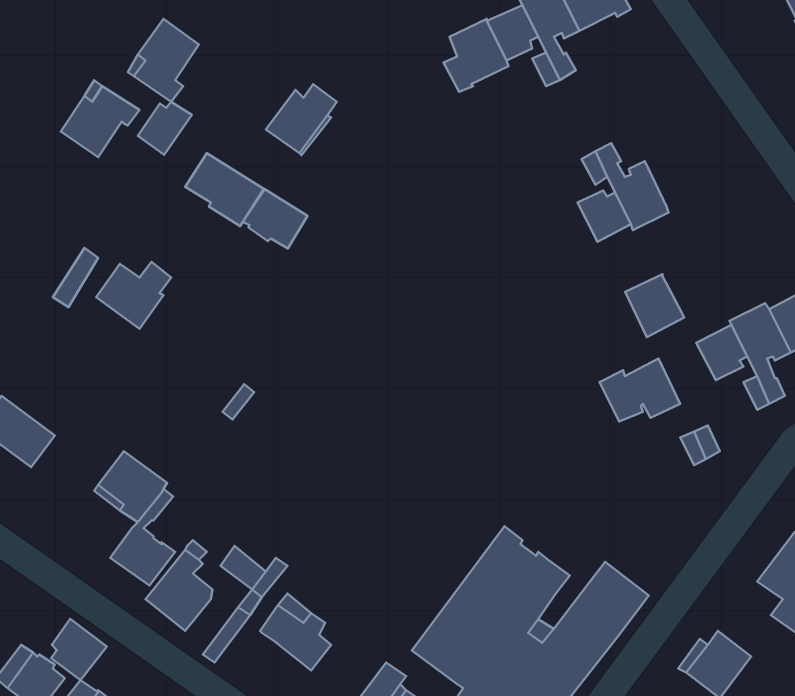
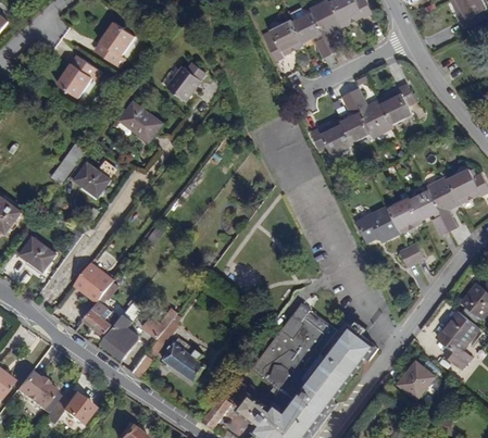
building: [138,102,192,155] -> none
building: none -> [377,85,413,125]
building: [243,189,308,248] -> none
building: none -> [311,121,351,155]
building: [625,274,684,337] -> [385,199,417,234]
building: [51,619,107,680] -> none

